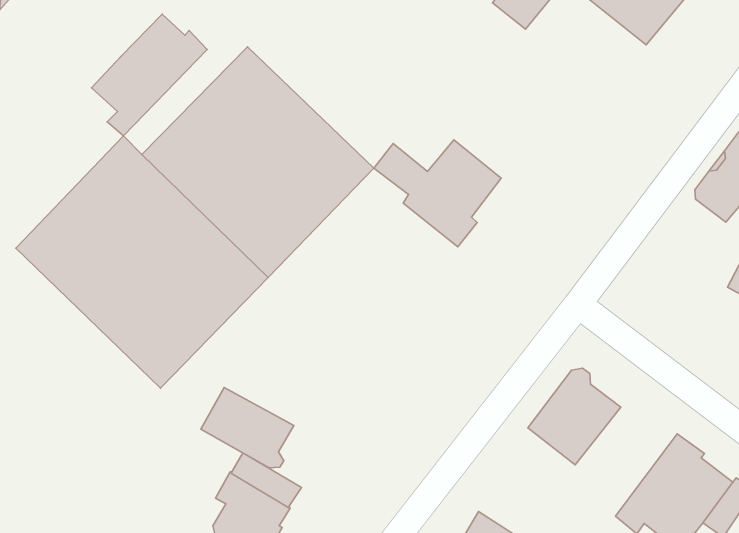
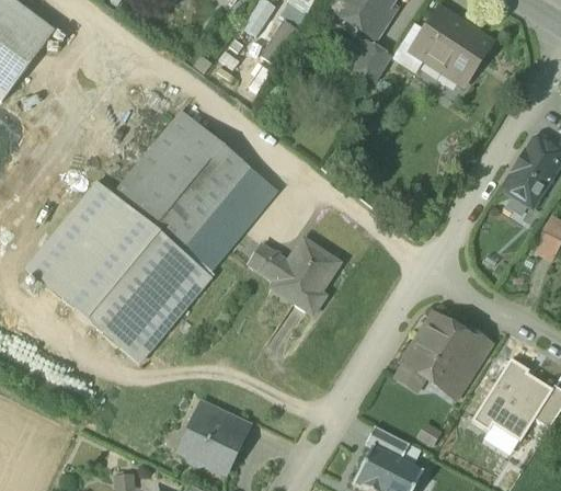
building: [92,14,207,136] -> none
building: [374,140,501,247] -> [248,238,339,313]
building: [201,387,294,468] -> none
building: none -> [439,342,482,396]

